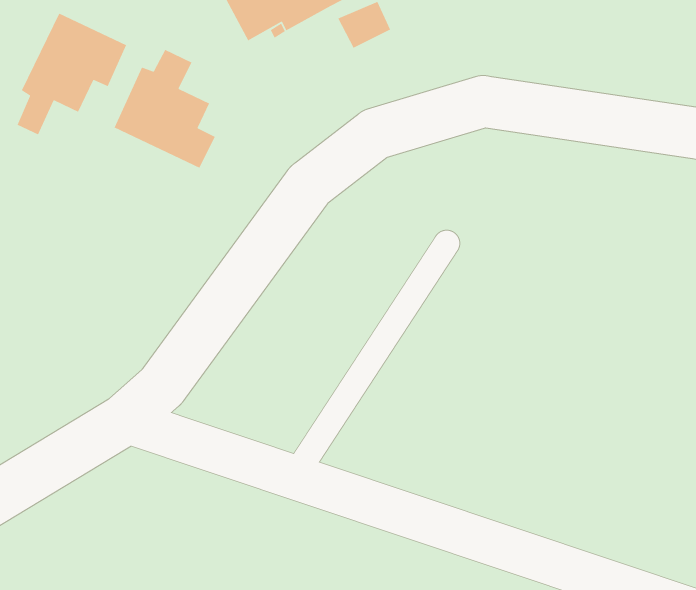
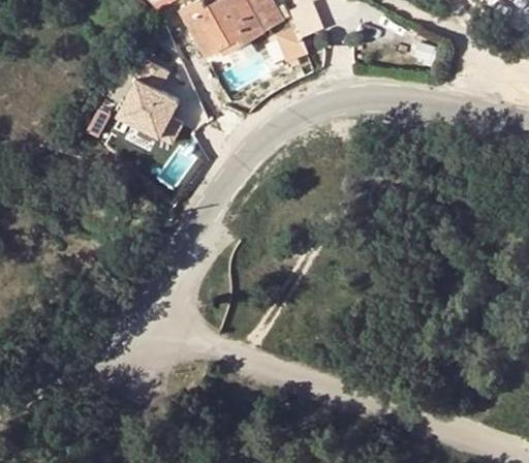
building: [16,12,127,136] -> none

